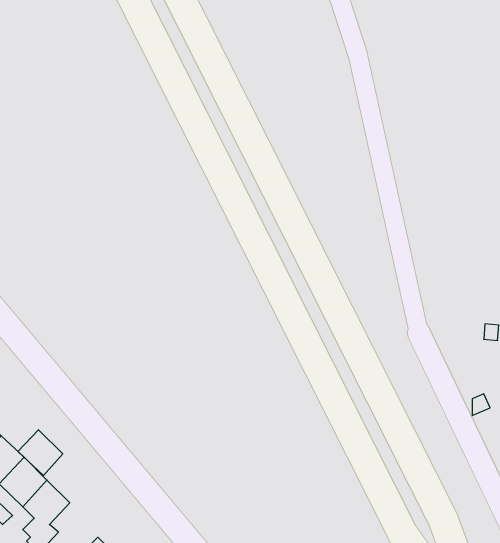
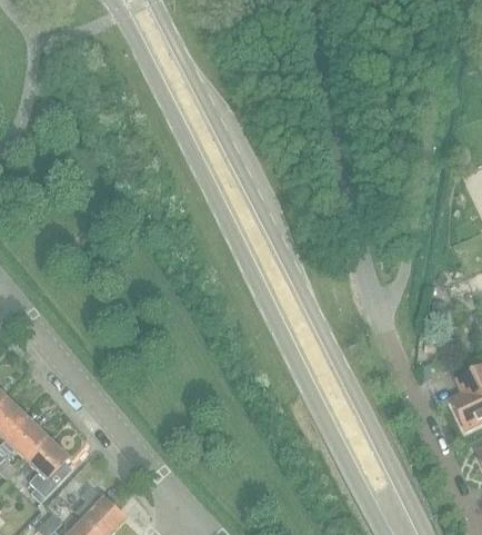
building: [18,430,63,476] -> none

